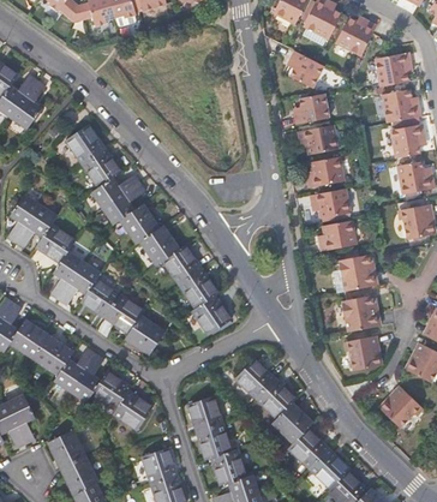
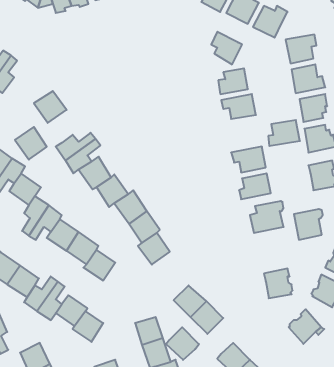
building: [84,144,122,184] -> [15,127,47,160]
building: [304,157,342,189] -> [268,120,300,146]
building: [339,295,373,333] -> [294,209,323,240]
building: [274,400,313,440] -> [166,327,199,360]

